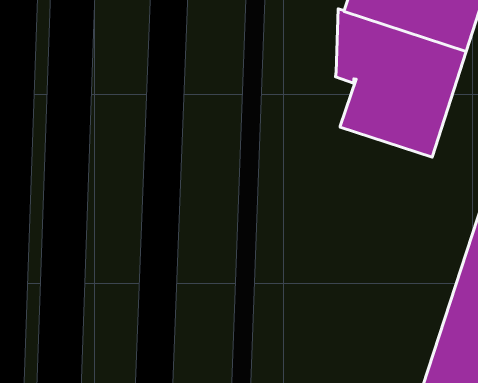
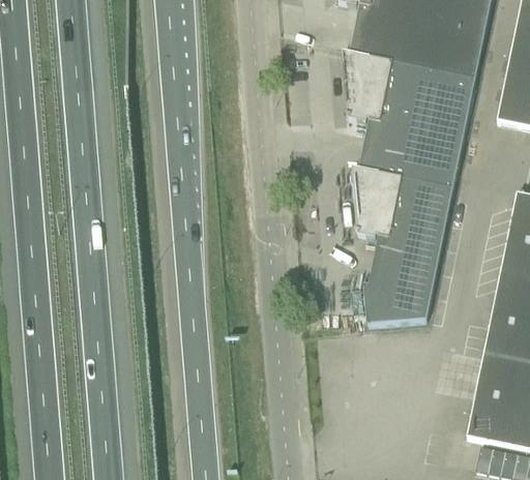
building: none -> [352,166,453,323]

